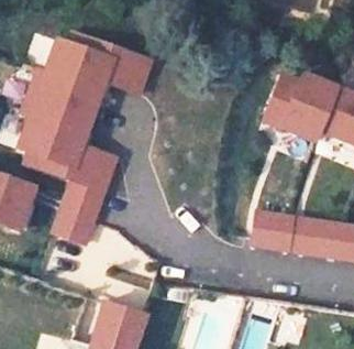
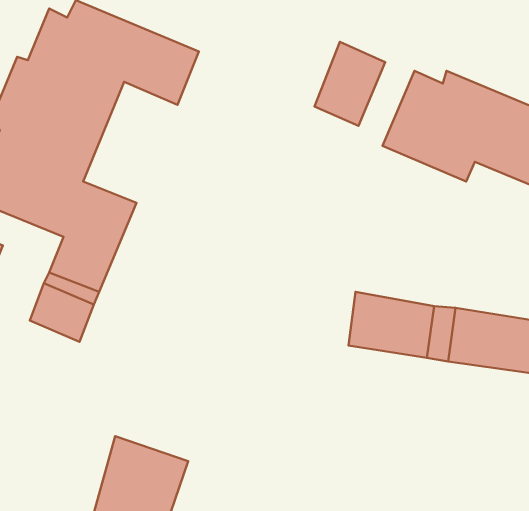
building: none -> [315,42,385,126]

